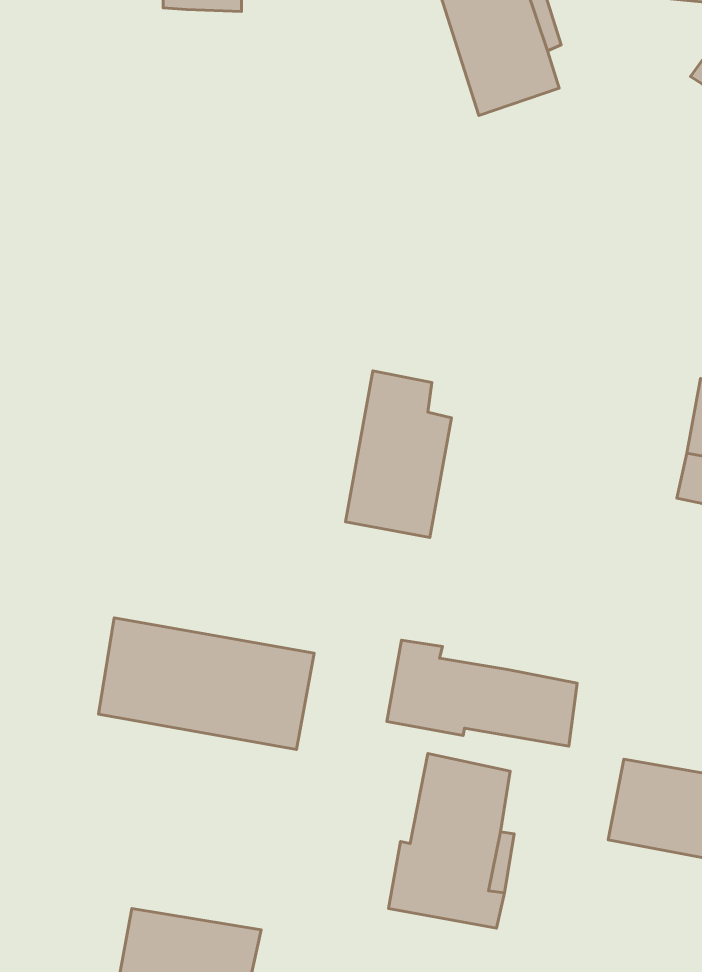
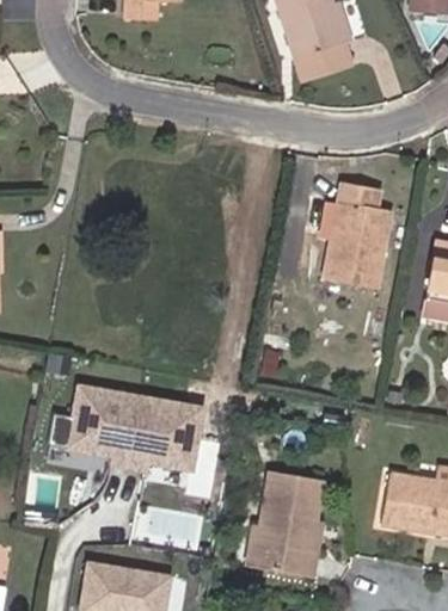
building: [345,371,451,538] -> [325,184,389,285]
building: [387,640,577,746] -> none

